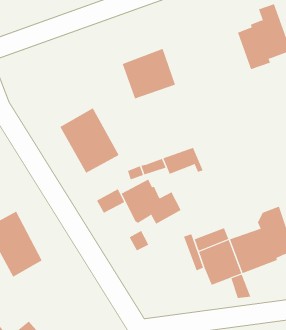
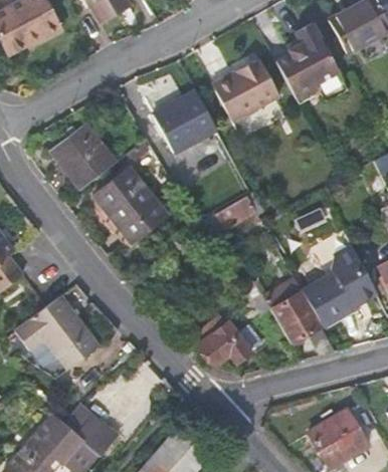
building: none -> [212,58,279,122]
building: none -> [50,124,115,189]
building: [121,179,182,224] -> [192,314,262,366]

